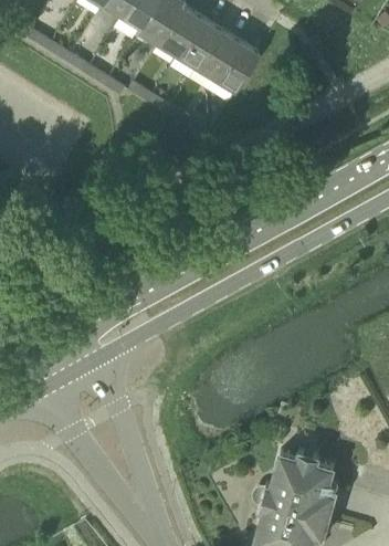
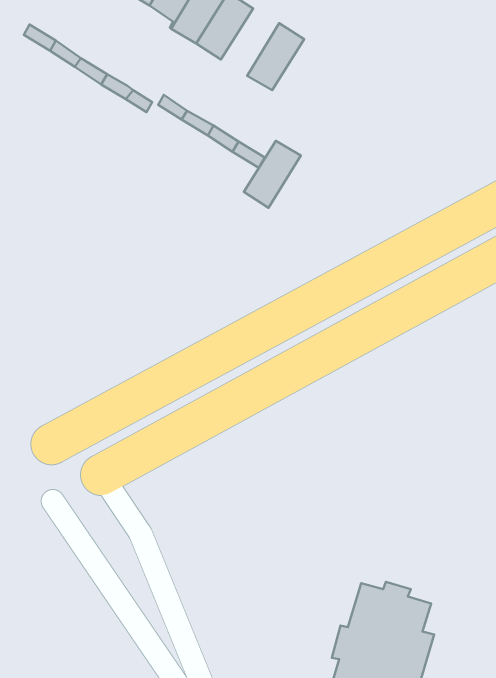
building: [176,20,220,71] -> none
building: [214,43,257,94] -> [244,141,301,208]

